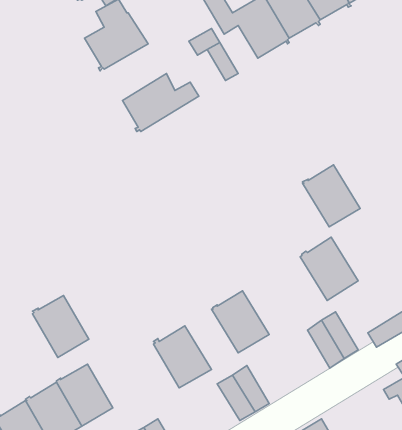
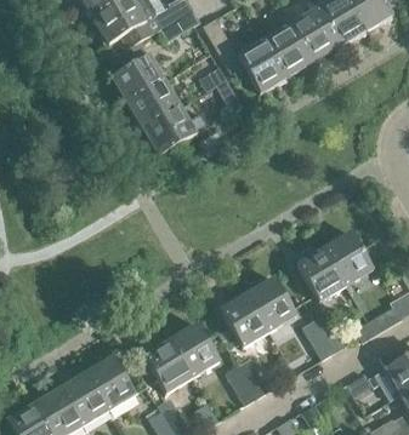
building: none -> [129,81,182,130]
building: [302,165,360,227] -> [324,231,374,285]
building: none -> [248,277,297,331]
building: [33,296,89,358] -> [144,339,193,393]

